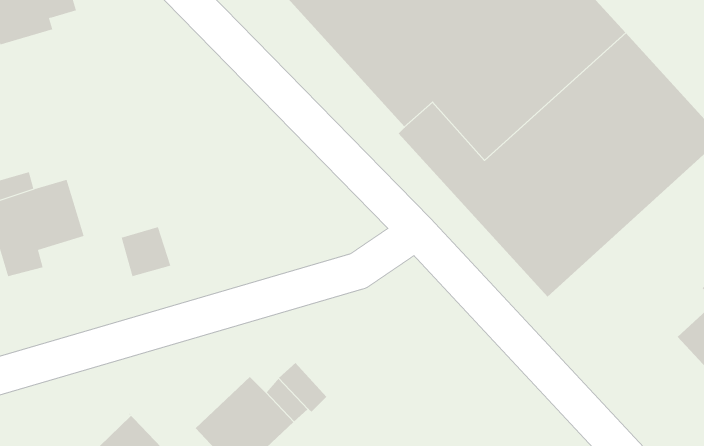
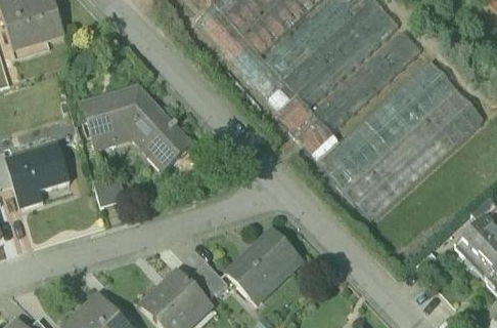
building: none -> [82,86,190,169]
building: none -> [226,229,302,296]

